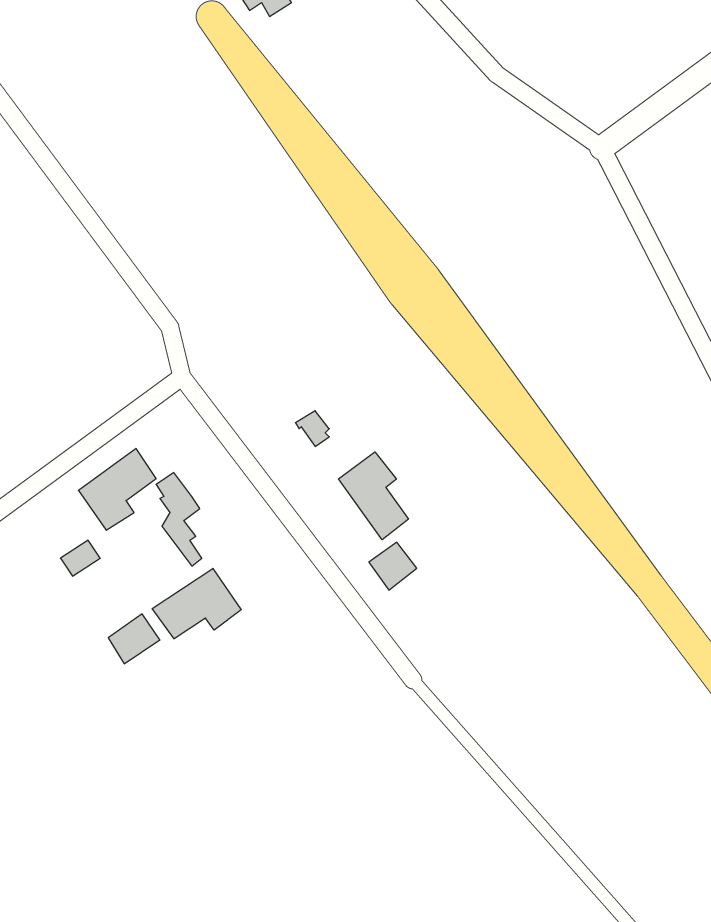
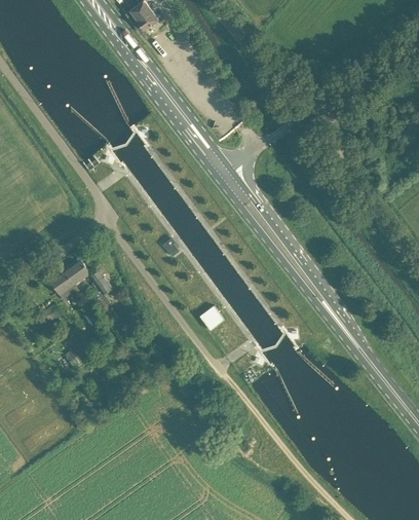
building: [339,452,408,540] -> none
building: [152,568,241,639] -> none

